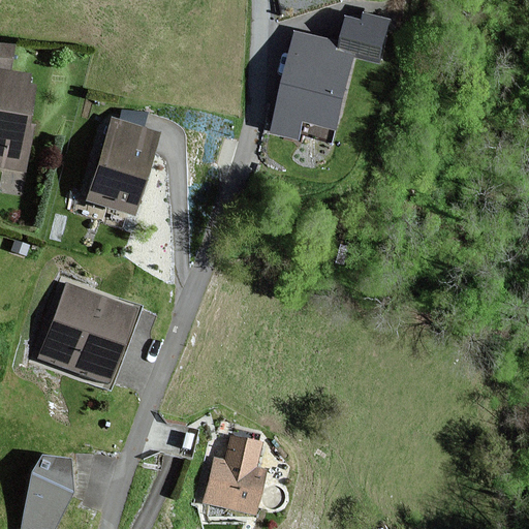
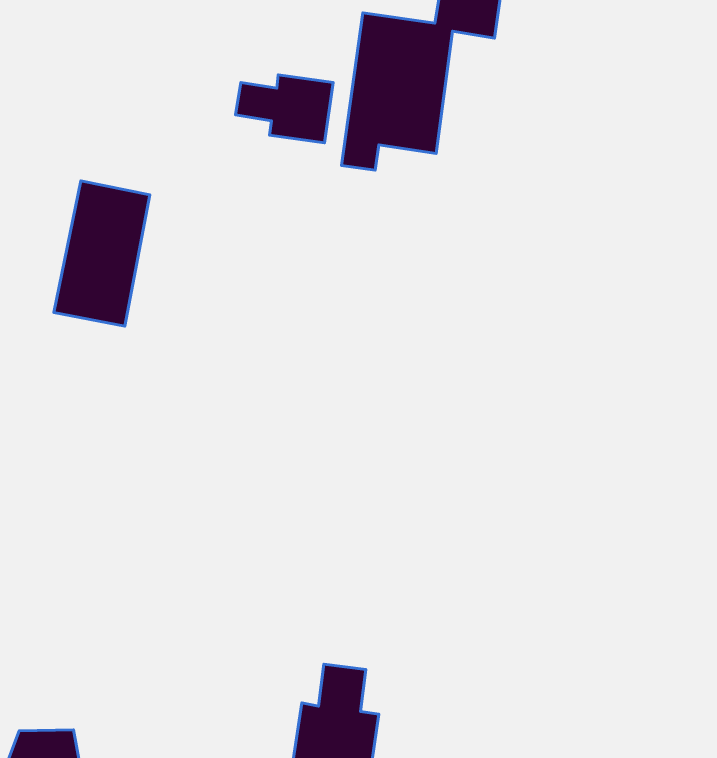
building: none -> [235,75,333,143]
building: [43,287,133,378] -> none

